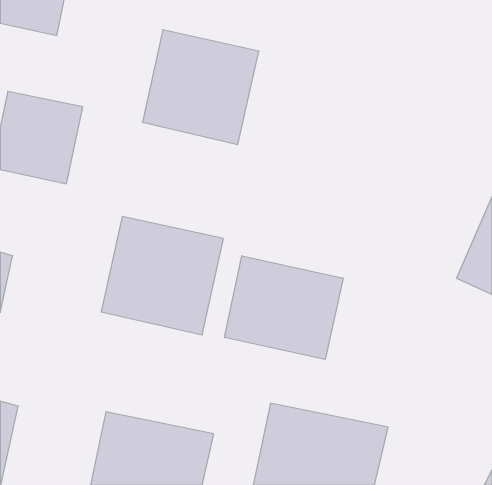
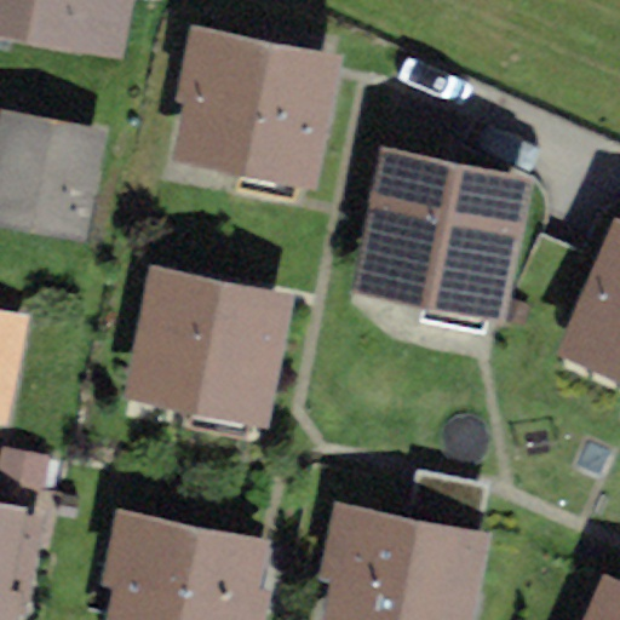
building: none -> [354,153,523,317]
building: [225,256,343,359] -> none

